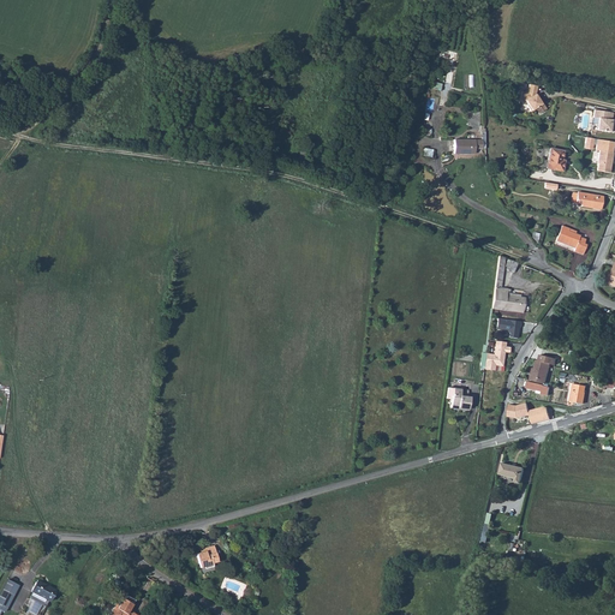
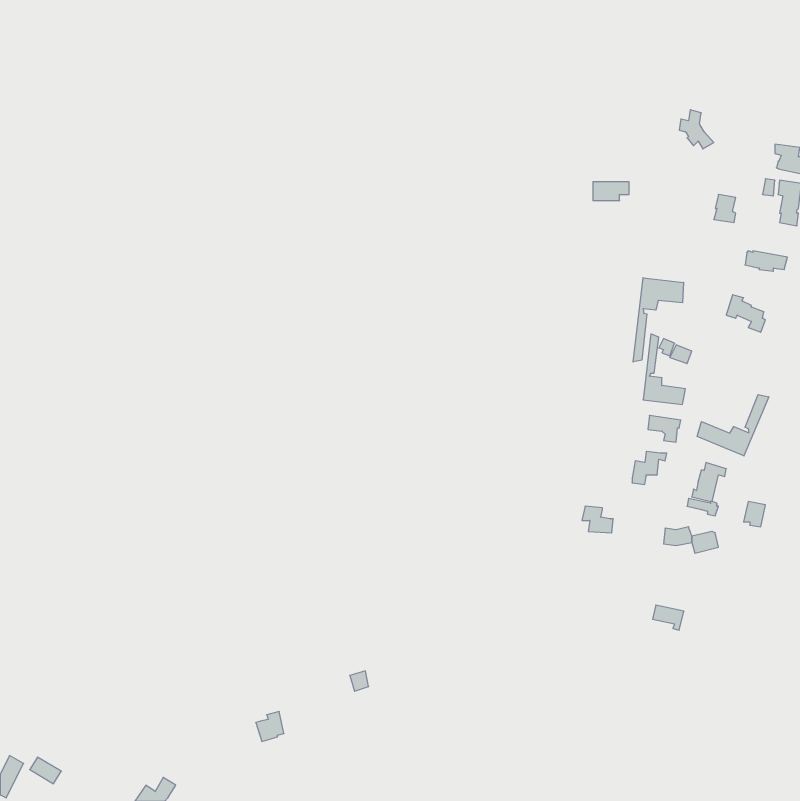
building: none -> [633,278,684,362]
building: none -> [697,395,769,456]

